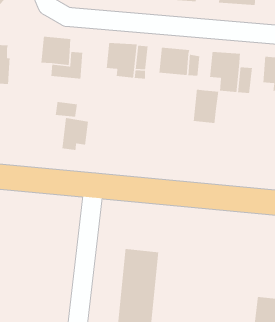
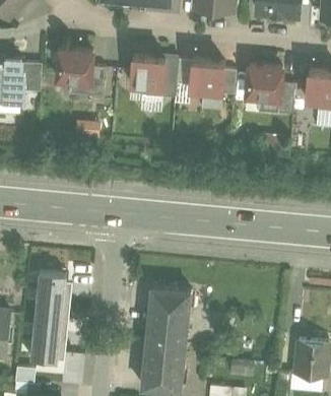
building: none -> [21,64,43,92]
building: [193,89,219,124] -> none
building: [61,117,89,151] -> none
building: none -> [20,265,63,361]

